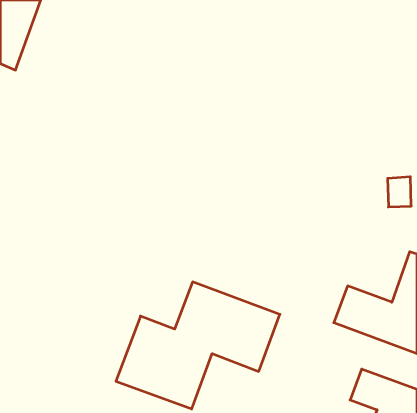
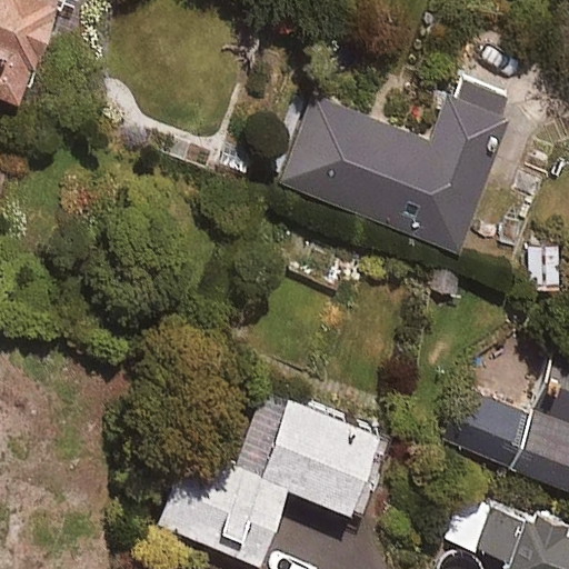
building: none -> [280,80,515,254]

